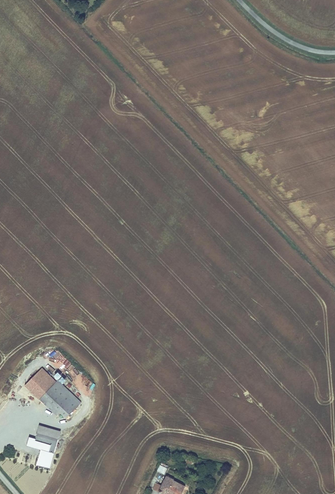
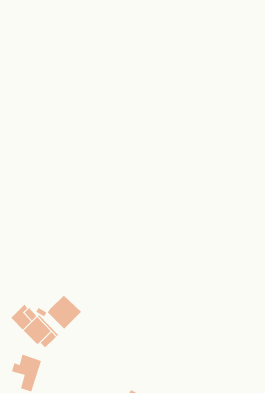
building: none -> [47,295,82,330]

